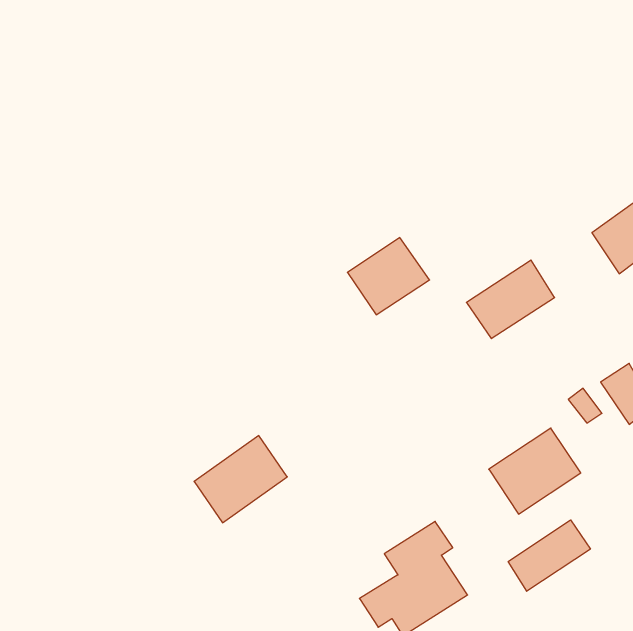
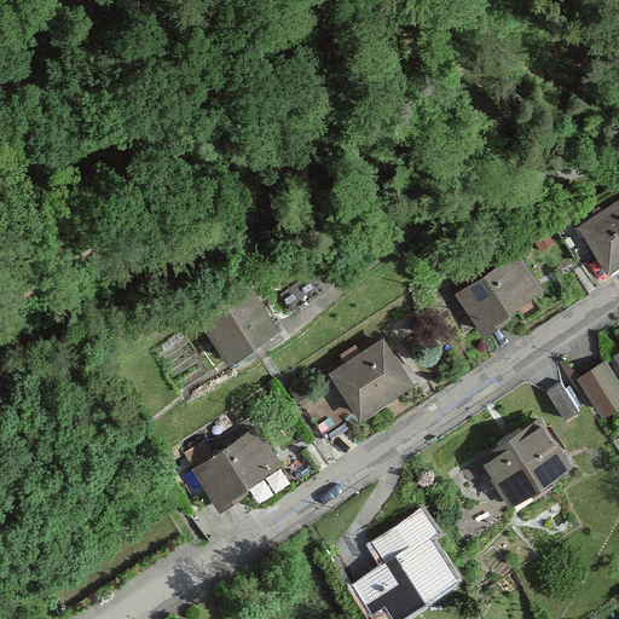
building: [347,238,430,315] -> [329,342,409,417]
building: none -> [198,287,278,363]
building: [508,520,590,591] -> none

